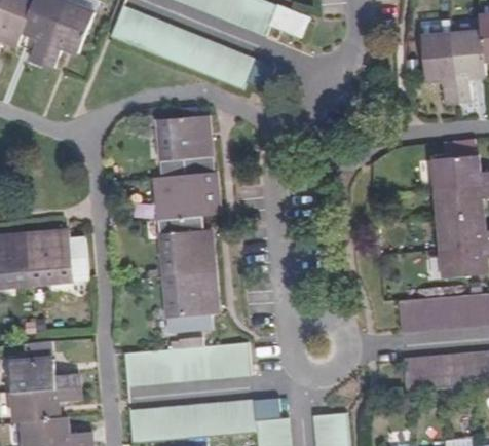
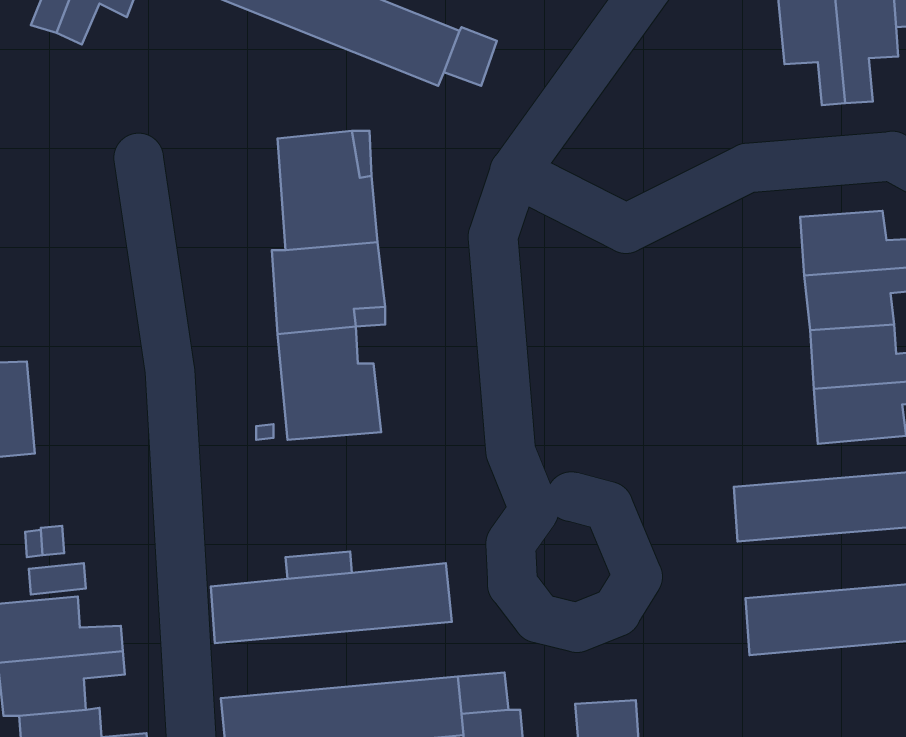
building: [27,232,87,284] -> none
building: [163,272,216,333] -> none

